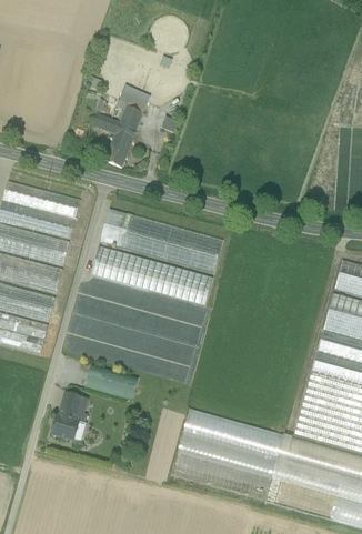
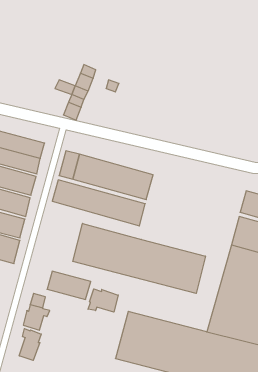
building: none -> [73,223,205,293]
building: none -> [88,289,118,312]
building: none -> [19,329,41,360]

